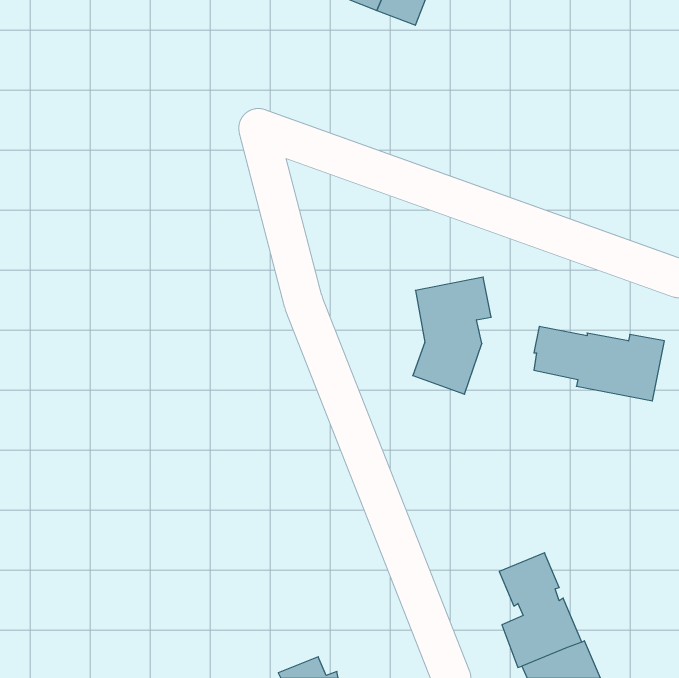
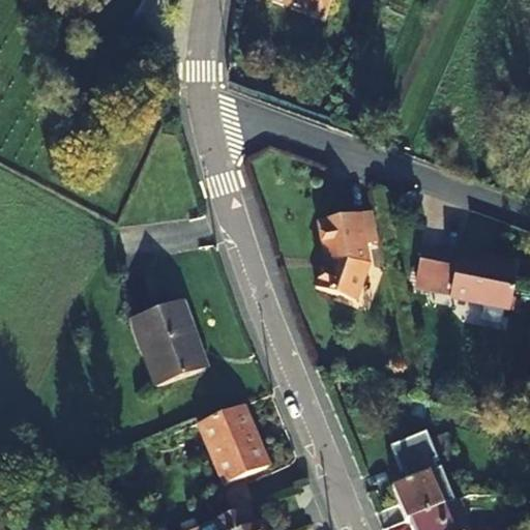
building: none -> [129,296,201,384]
building: none -> [201,403,268,482]

